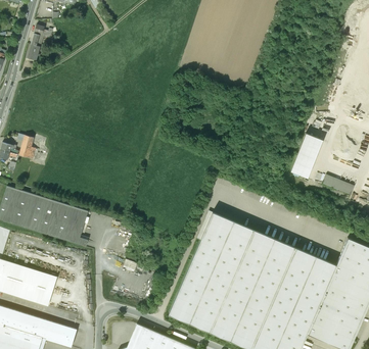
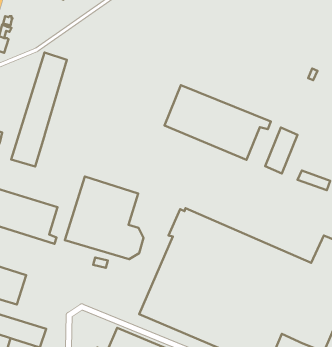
building: none -> [11,53,67,167]
building: none -> [164,85,271,160]
building: none -> [65,176,143,259]

